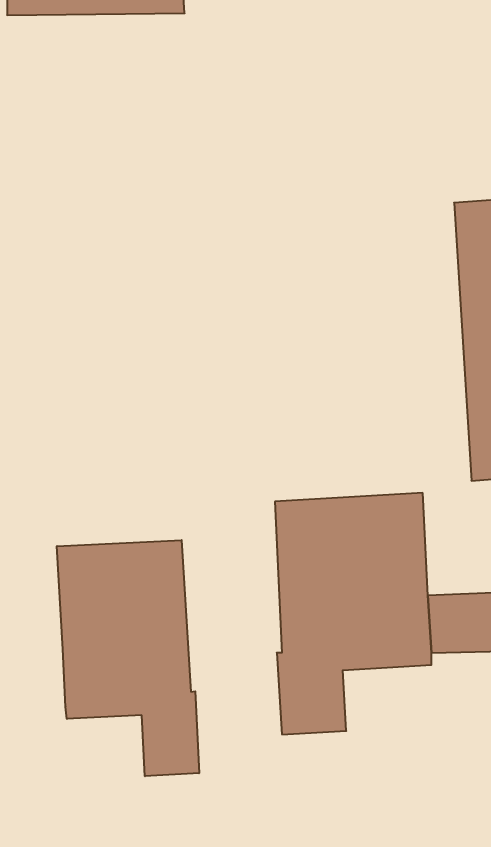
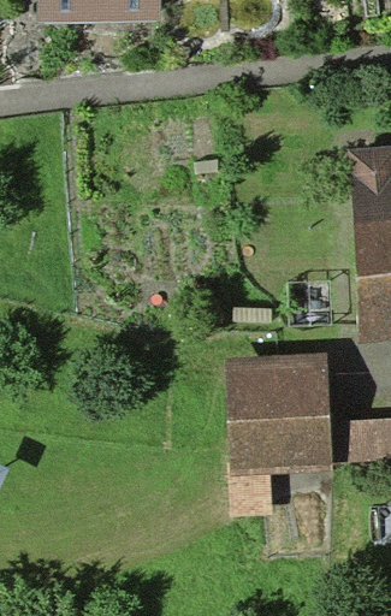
building: [57,540,199,776] -> none

